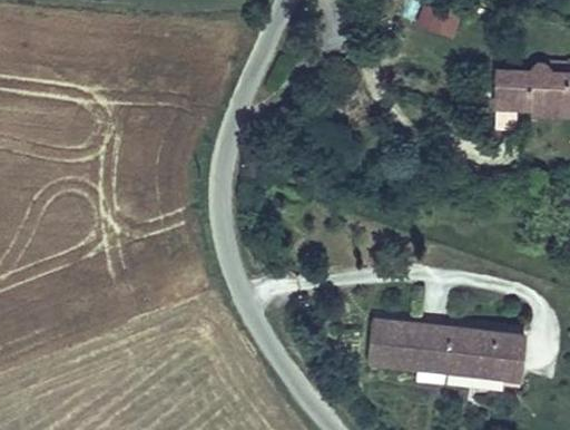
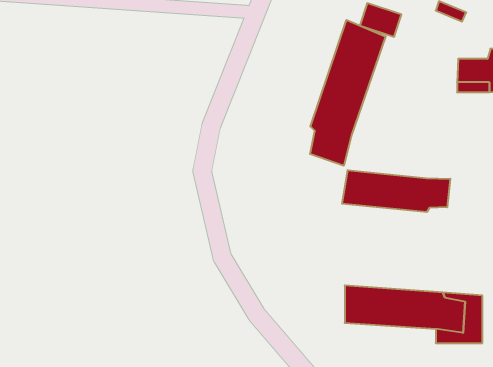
building: none -> [310,20,386,166]
building: none -> [342,170,450,212]

